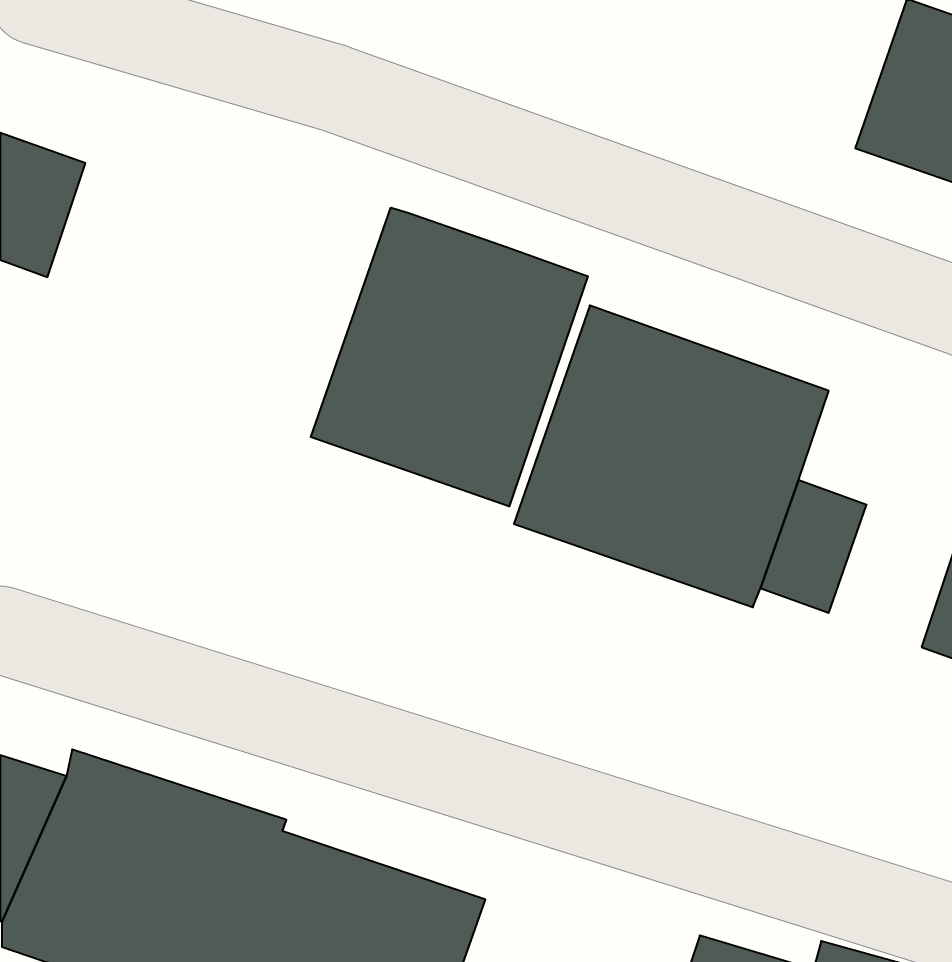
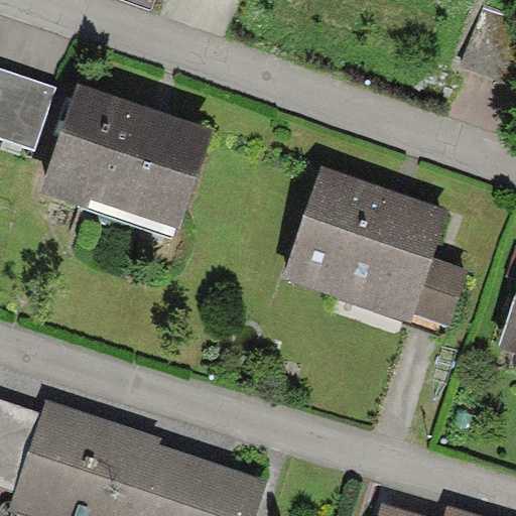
building: none -> [38,82,209,233]
building: [311,208,588,507] -> none

